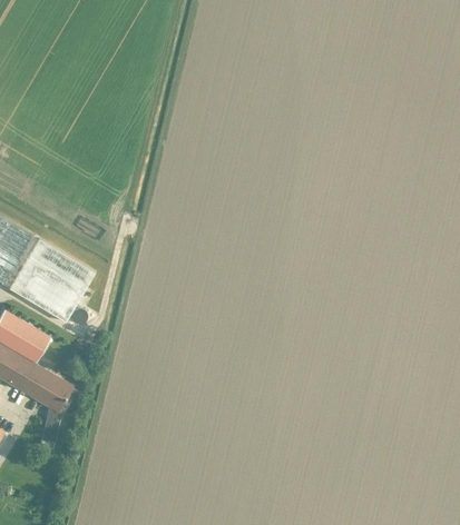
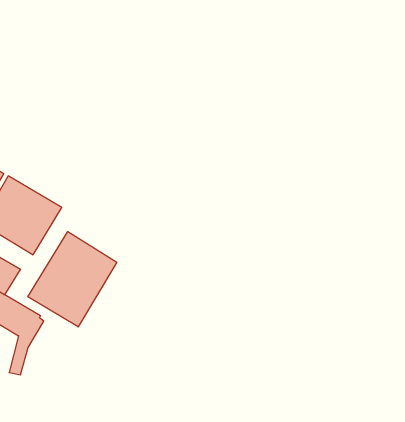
building: none -> [28,232,117,327]

